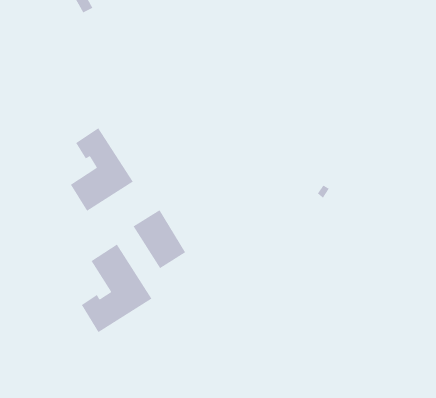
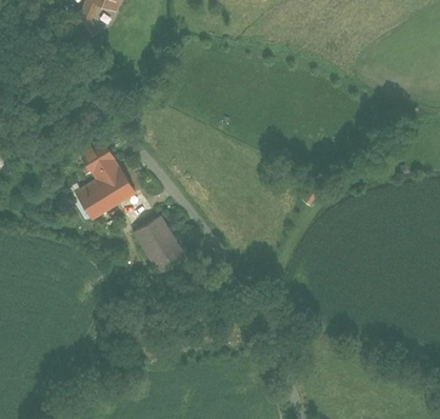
building: [81,243,152,333] -> none

